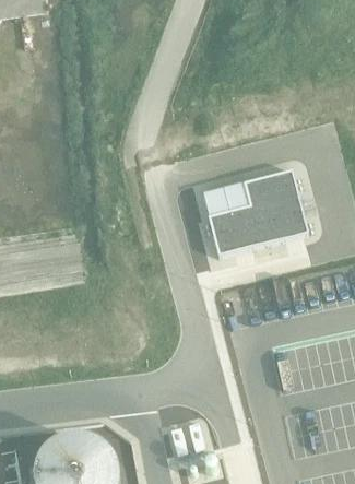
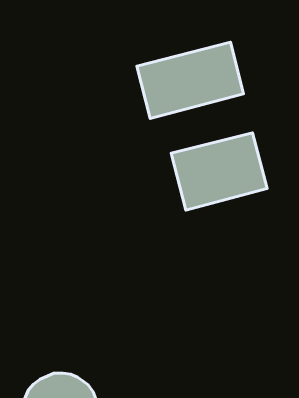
building: none -> [137,42,244,118]

